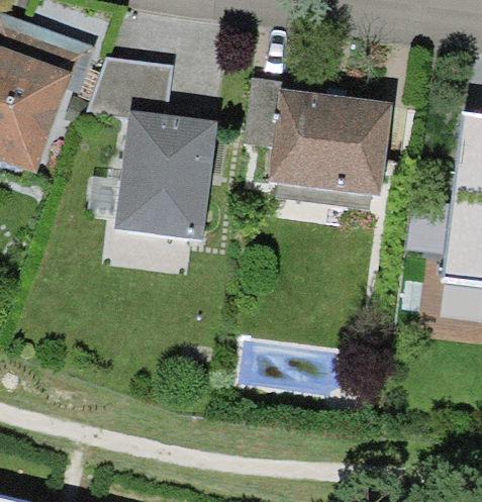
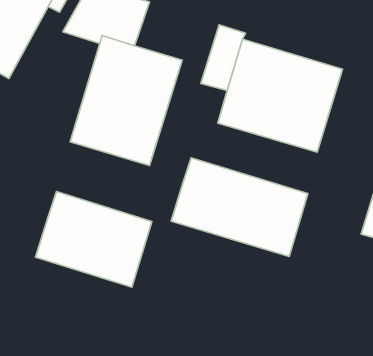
building: none -> [171,158,308,257]
building: none -> [35,191,152,287]

